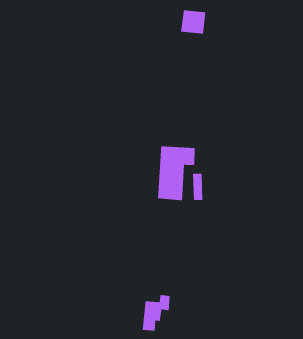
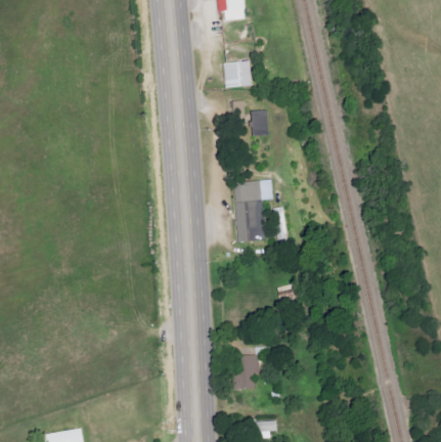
building: [180,10,206,34] -> [225,61,252,87]
building: none -> [251,110,268,135]

